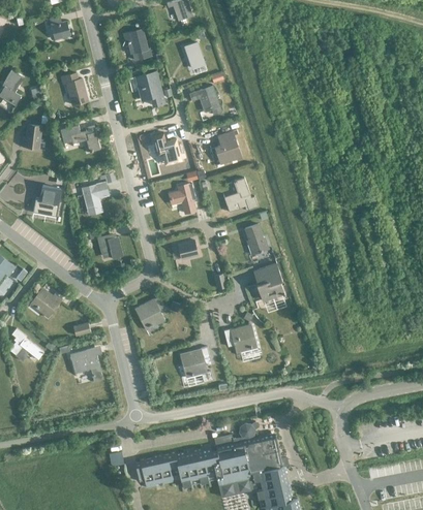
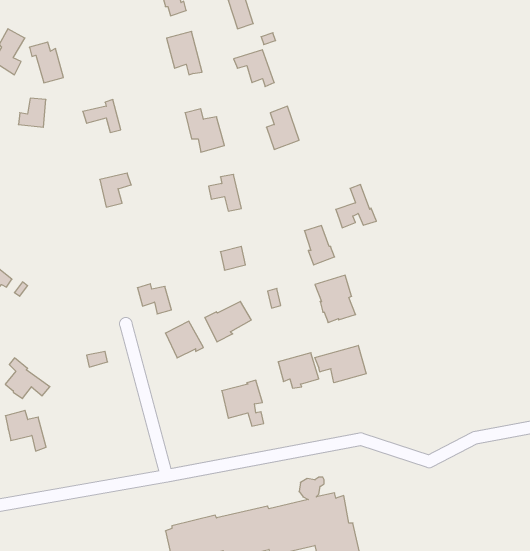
building: [61,72,88,104] -> [29,42,63,83]
building: [223,178,255,212] -> [336,185,376,228]
building: [32,185,60,215] -> none
building: [96,234,123,258] -> [137,284,171,314]
building: none -> [205,301,251,342]
building: [31,289,60,316] -> none
building: none -> [315,345,366,383]
building: [69,349,101,381] -> [5,410,46,451]

